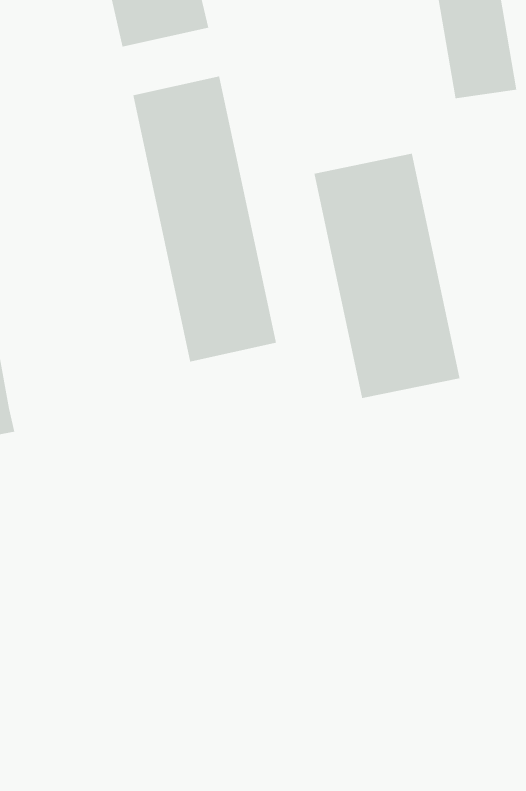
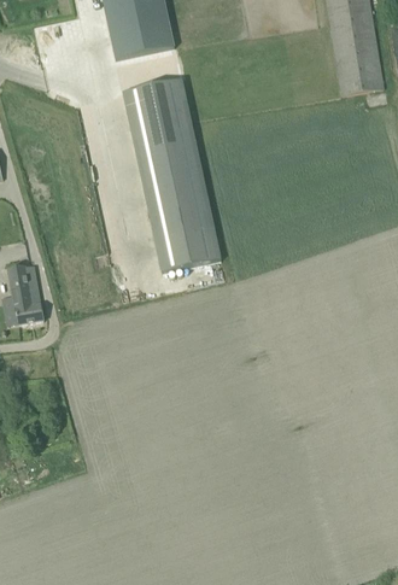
building: [314,153,460,399] -> none

